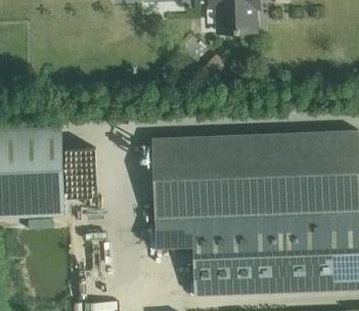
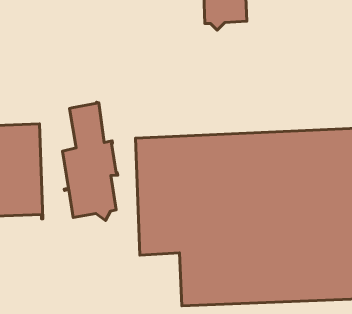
building: none -> [63,102,118,220]

